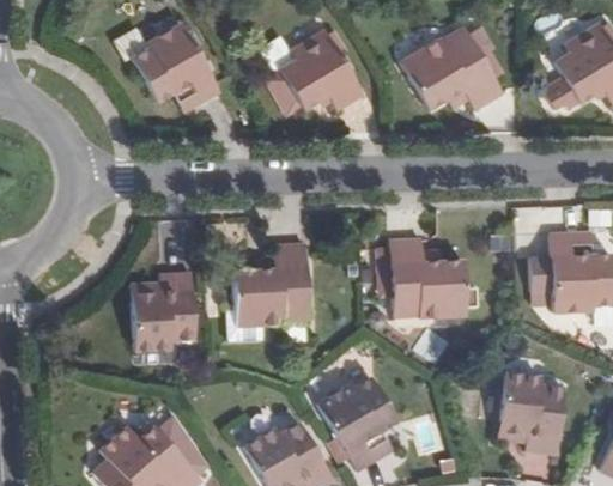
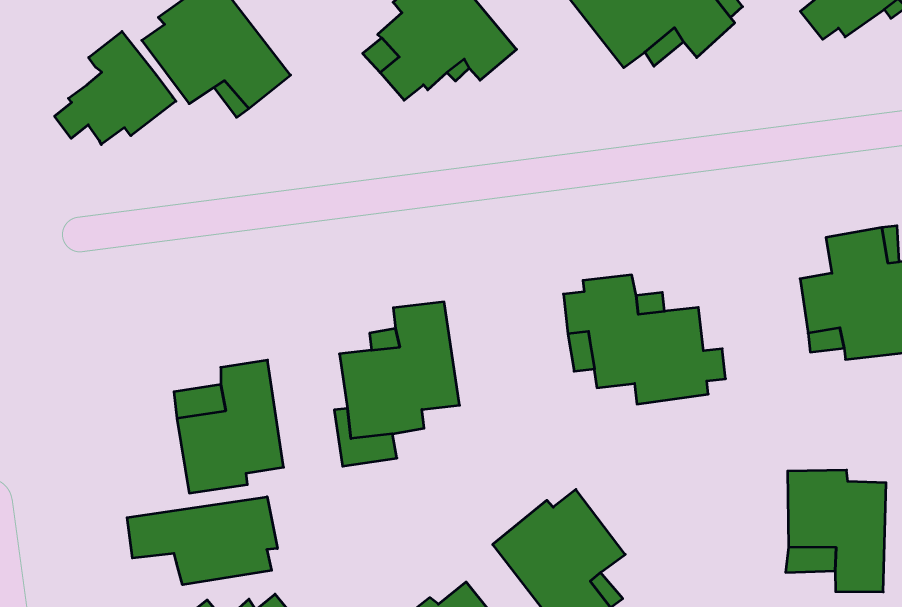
building: none -> [55,31,176,145]
building: none -> [127,497,277,585]

